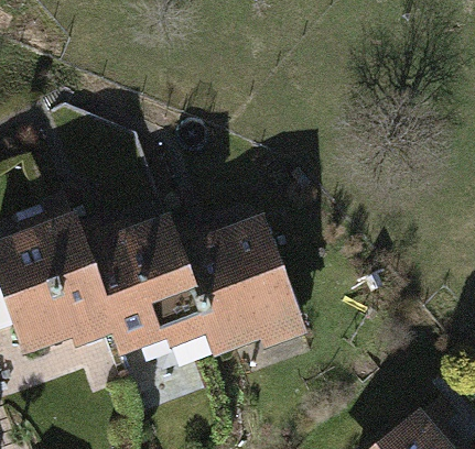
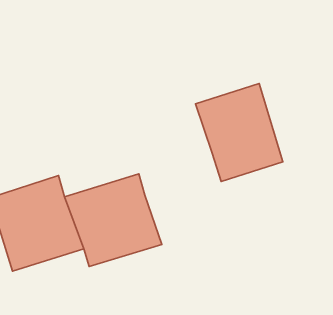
building: [206,232,315,354] -> [195,83,283,181]

